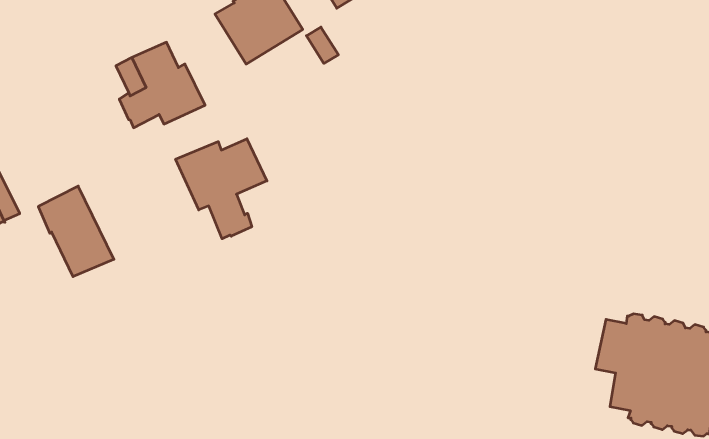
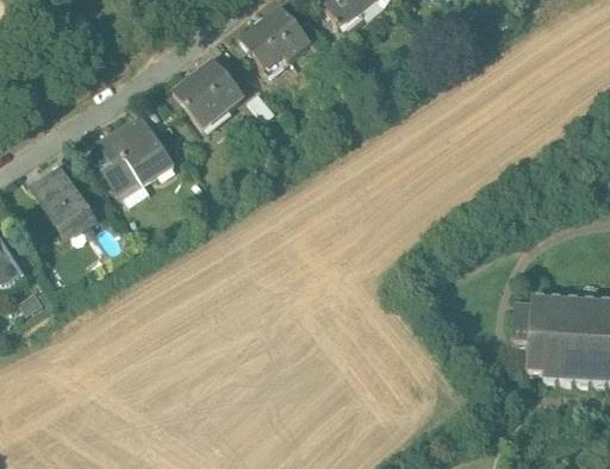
building: [176,139,267,239] -> none
building: [38,186,114,277] -> [31,167,97,239]

